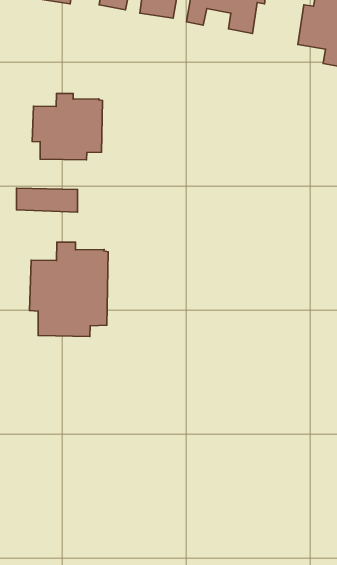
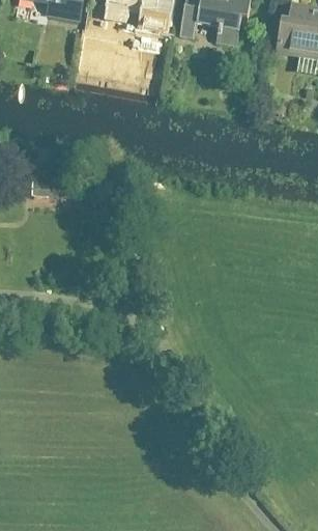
building: [32,93,103,160] -> none
building: [30,242,108,336] -> none

